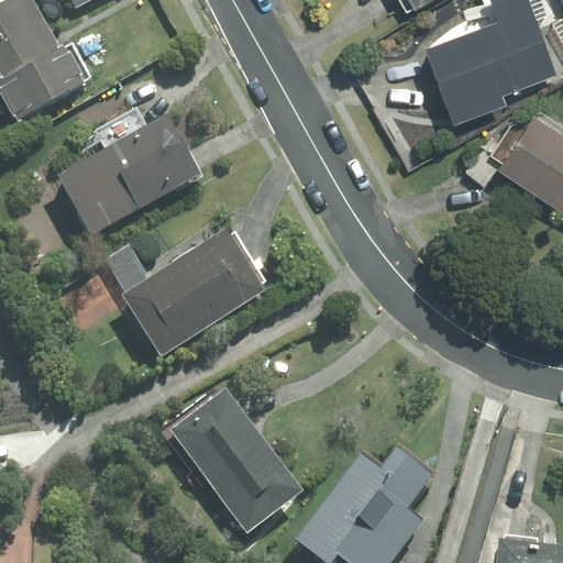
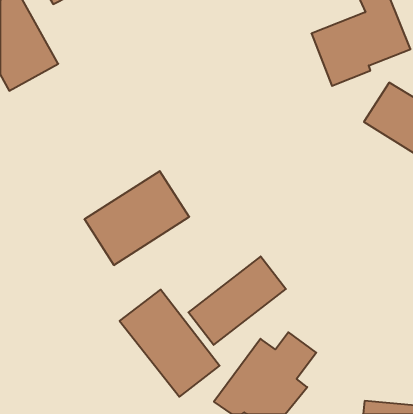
building: [56,114,200,236] -> none
building: none -> [188,256,286,345]

